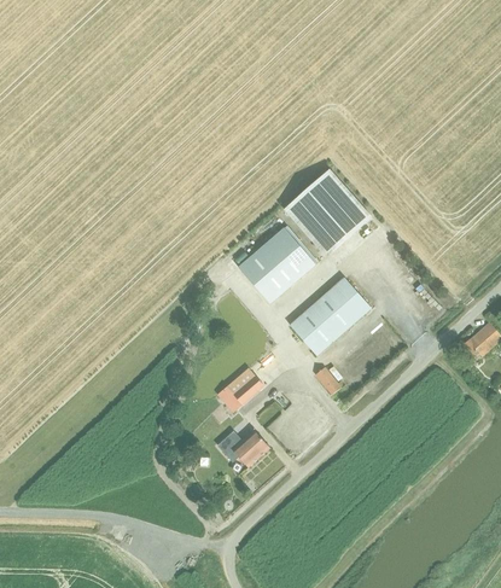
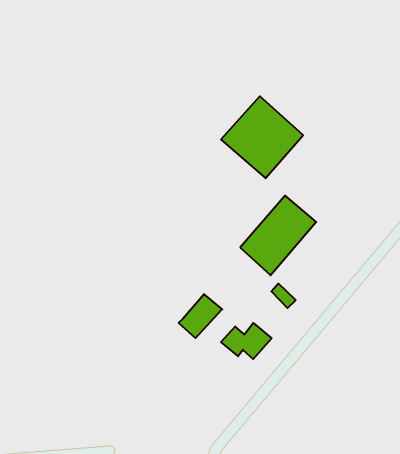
building: [238,226,318,304] -> none
building: [216,430,269,467] -> [221,323,272,359]

